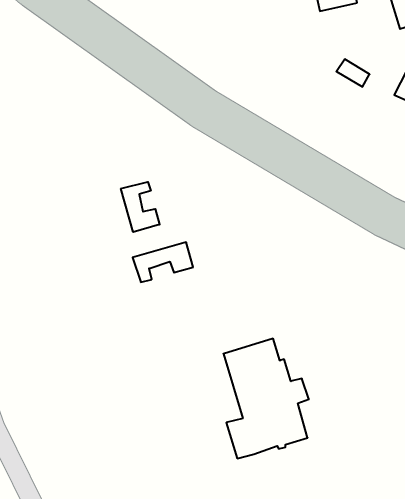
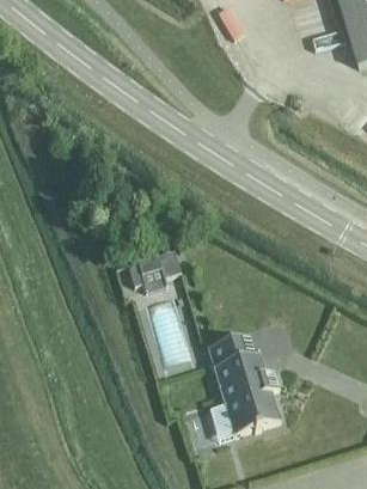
building: [121,182,160,232] -> none

